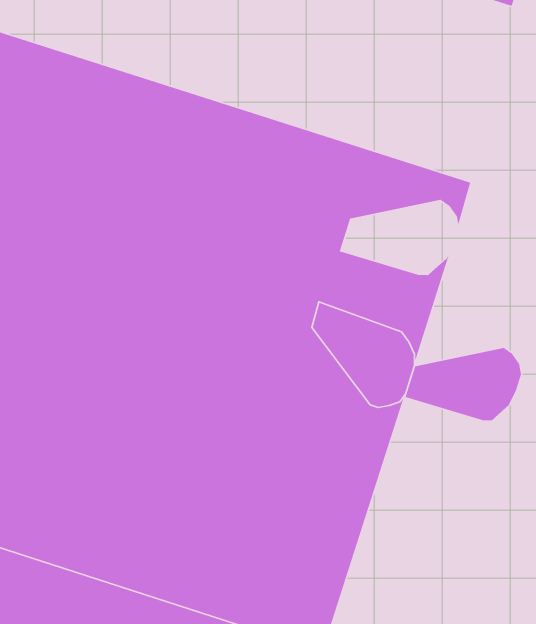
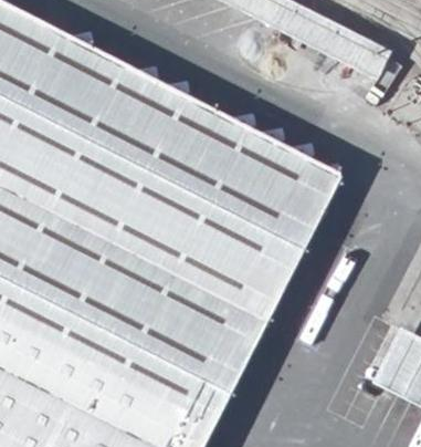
building: [405,347,522,421] -> [256,186,327,228]

